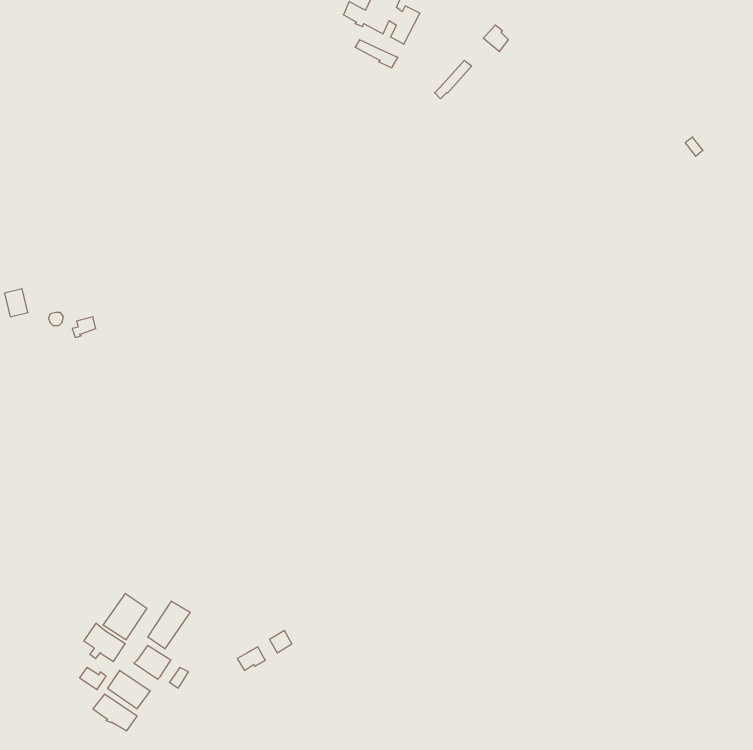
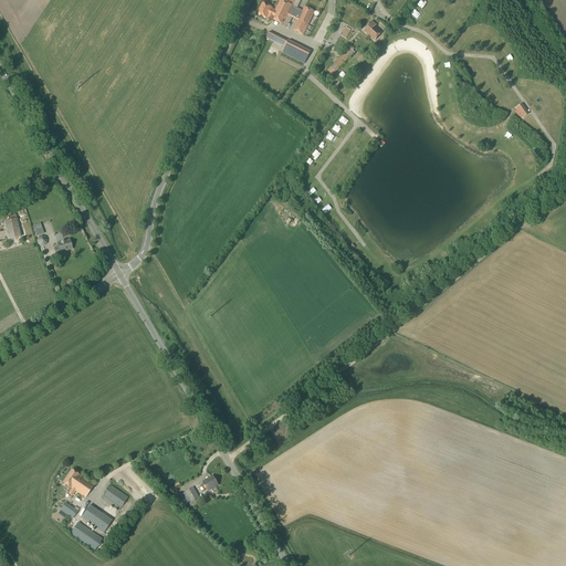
building: [103,593,147,640] -> none
building: [148,601,190,649] -> none

